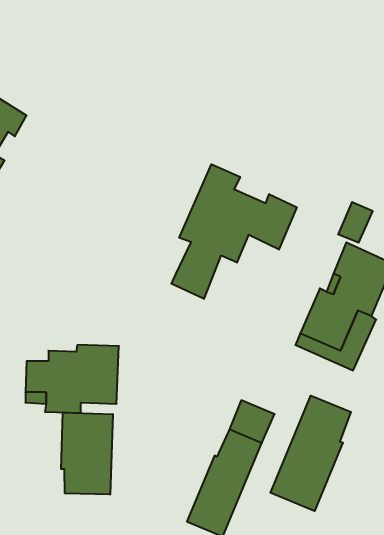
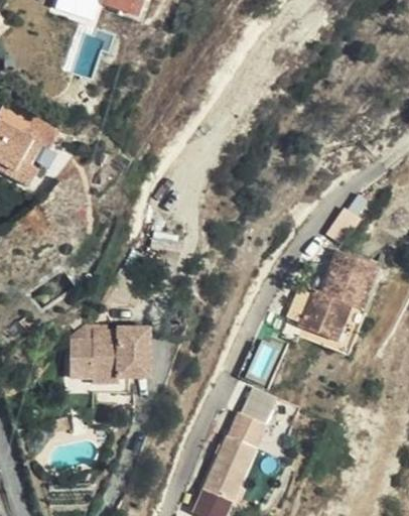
building: [171,164,297,299] -> none
building: [270,396,351,511] -> none
building: [61,412,113,495] -> none

